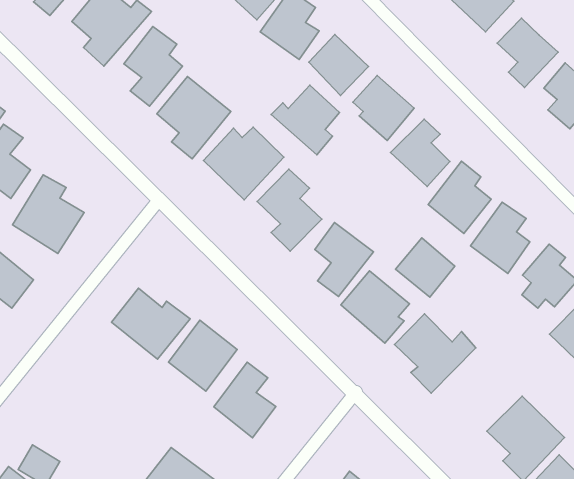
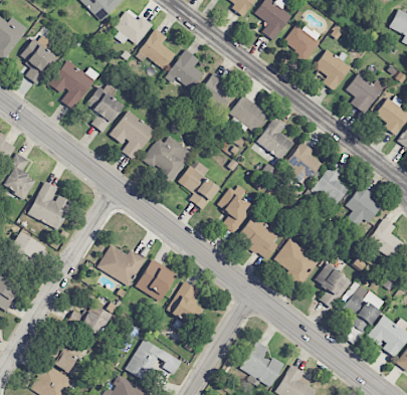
building: [271,85,340,155] -> none
building: [395,238,455,297] -> none
building: none -> [315,264,351,309]
building: none -> [79,304,111,337]

